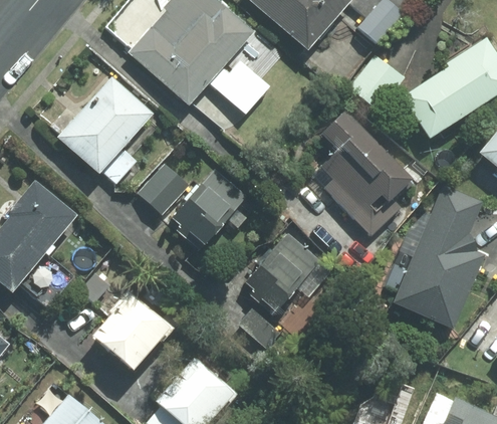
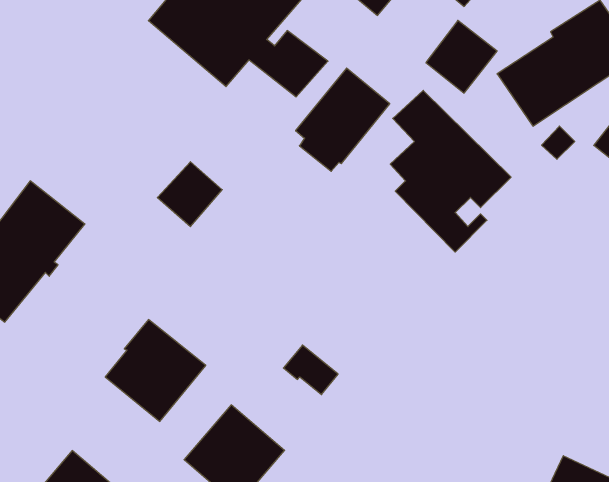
building: [57,76,154,186] -> none
building: [172,169,246,250] -> [296,68,390,171]
building: [393,185,484,328] -> none
building: [250,234,318,314] -> none

